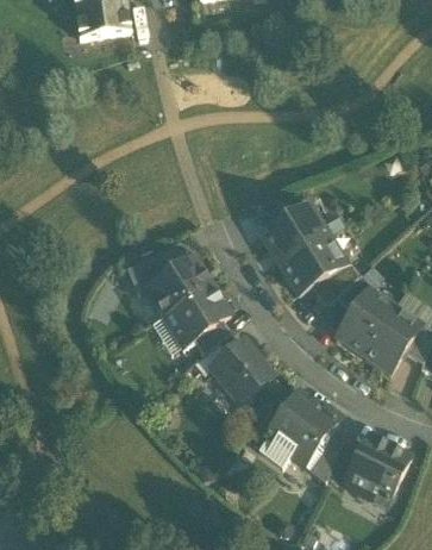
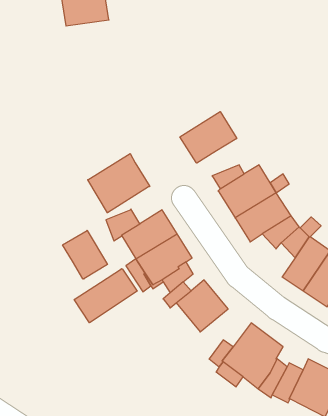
building: none -> [180,112,237,163]
building: none -> [88,154,150,213]
building: none -> [63,230,107,279]
building: none -> [74,269,137,323]

